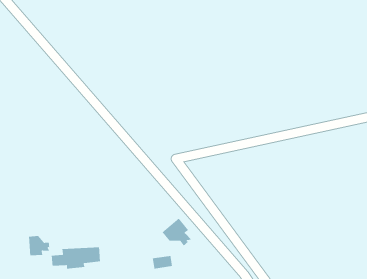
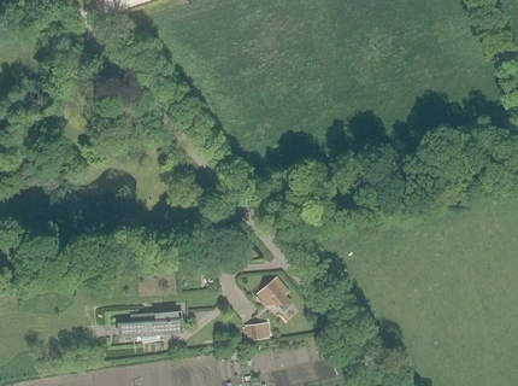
building: [28,235,51,256] -> none

